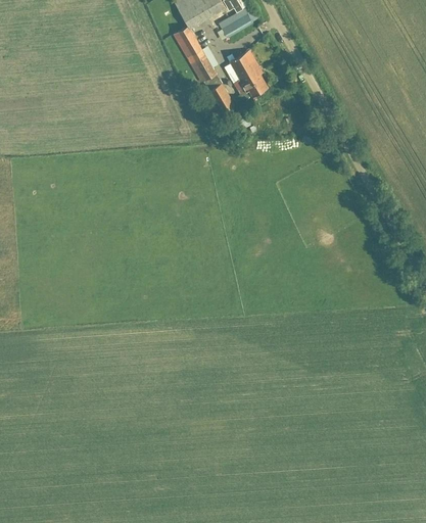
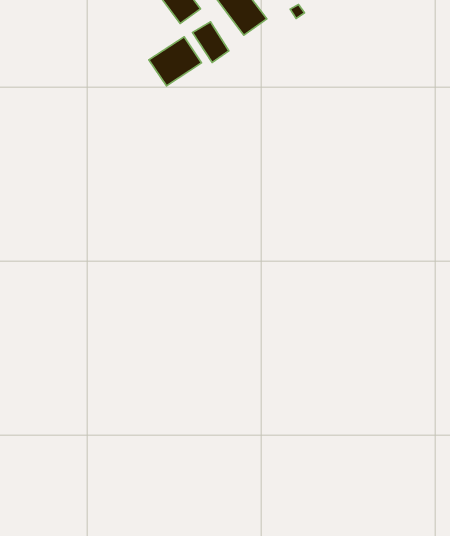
building: none -> [149,37,202,86]

